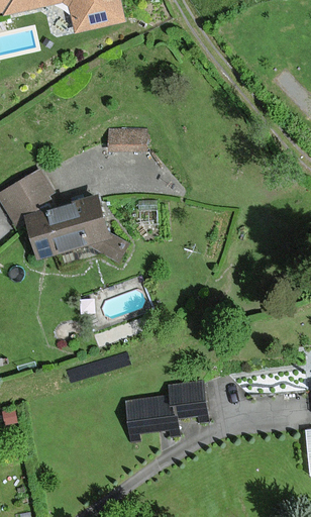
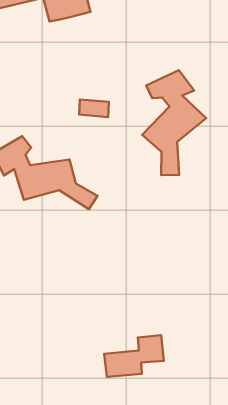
building: none -> [142,70,206,175]
building: [126,379,201,431] -> [104,335,164,377]

